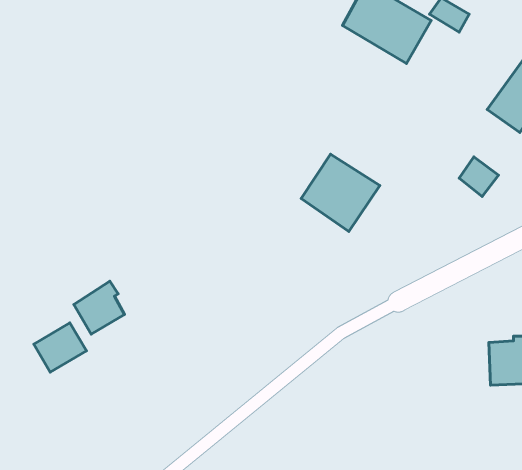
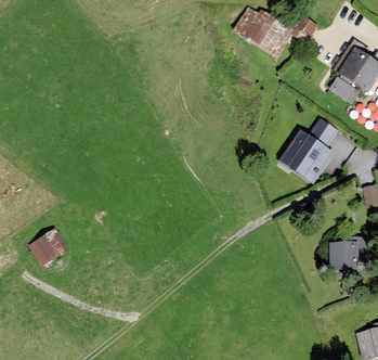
building: [301,154,380,231] -> [281,131,333,182]
building: [74,281,124,334] -> none

